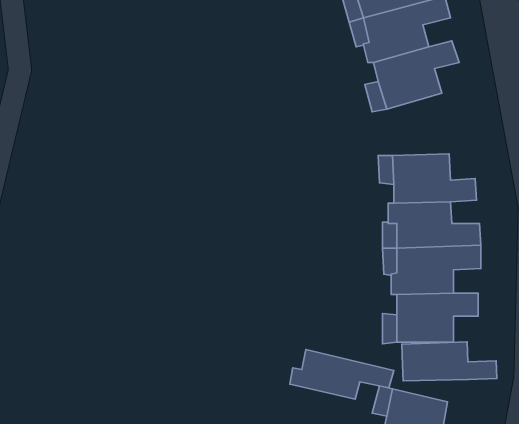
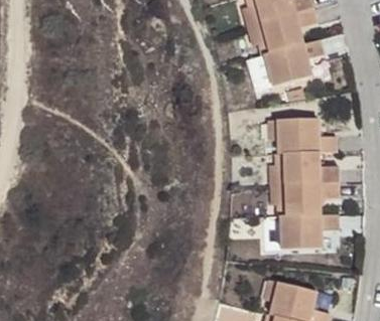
building: [402,342,497,381] -> none
building: [290,350,394,399] -> none

